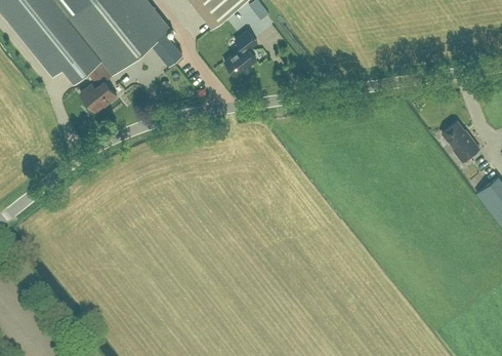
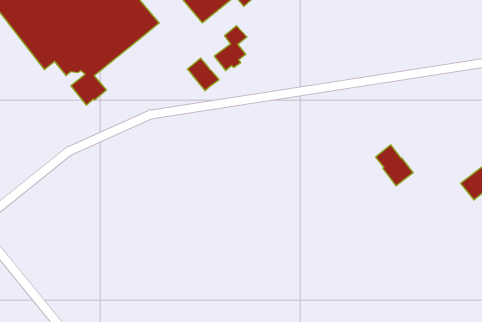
building: [152,32,183,65] -> [187,58,219,91]
building: [443,121,480,162] -> [376,145,413,186]

